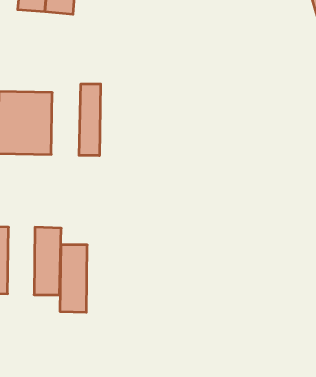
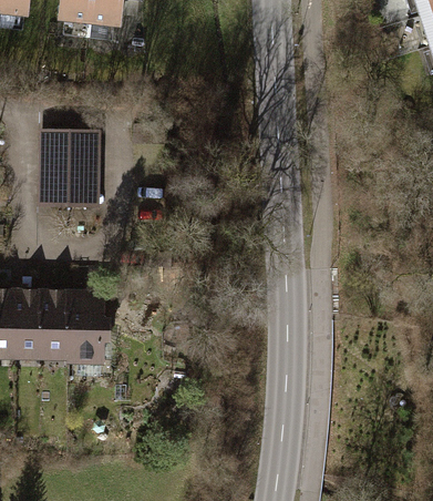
building: [79,84,101,156] -> none
building: [60,245,87,312] -> [49,289,82,371]

